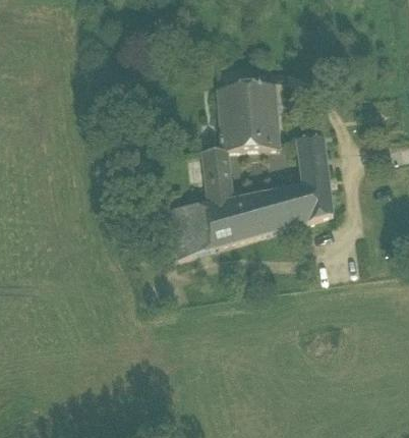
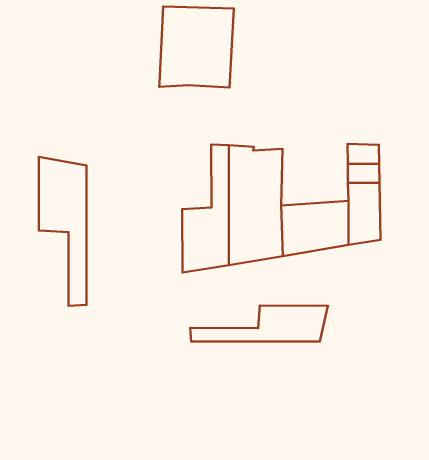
building: [218,81,279,152] -> [159,7,234,87]
building: none -> [39,157,86,306]
building: none -> [190,306,328,342]

